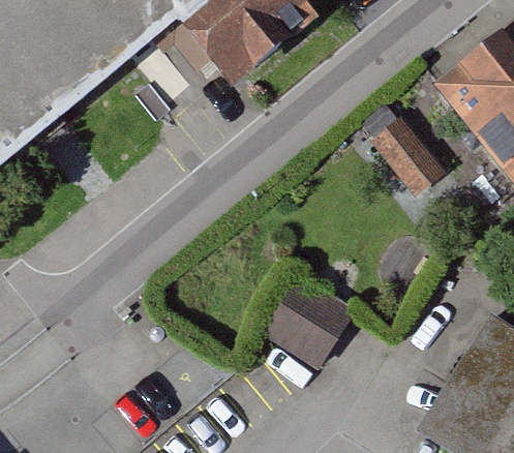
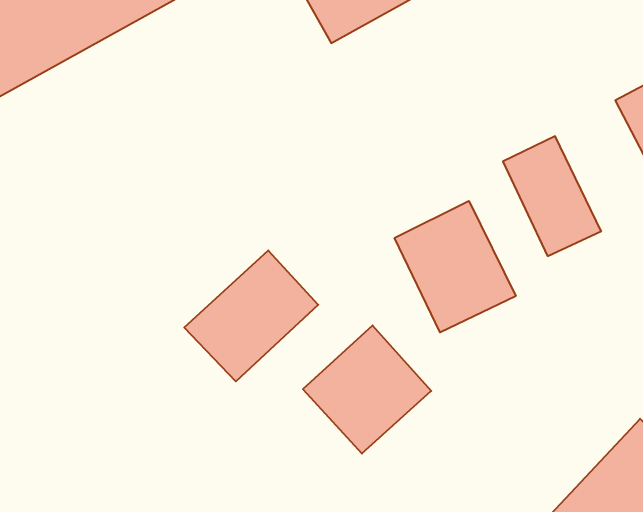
building: none -> [395,201,516,332]
building: none -> [184,250,318,381]

